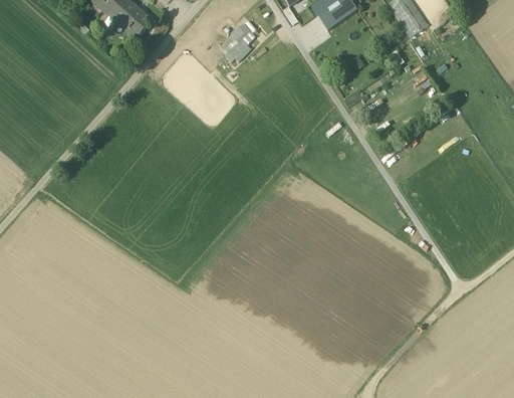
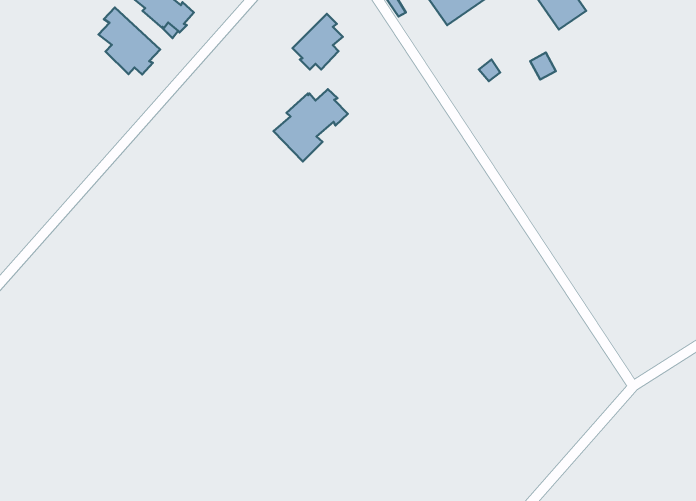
building: none -> [99,8,160,75]
building: none -> [274,89,348,162]

